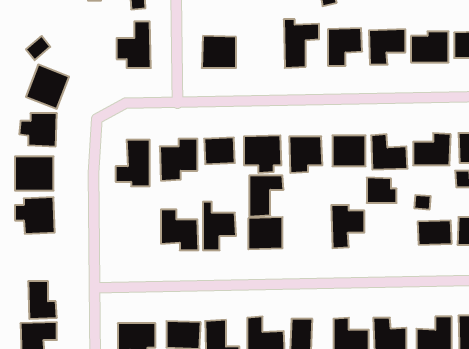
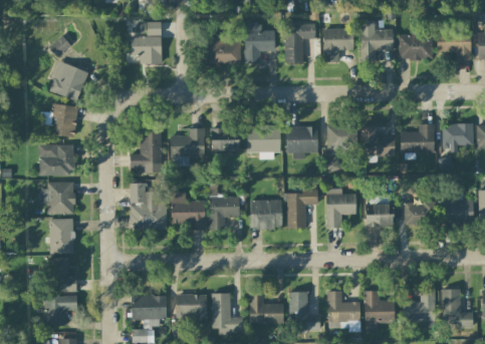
building: none -> [245,22,275,64]
building: [249,175,284,216] -> [287,192,318,229]
building: [367,178,397,203] -> [367,204,394,227]
building: none -> [130,183,167,230]
building: none -> [50,219,74,253]

